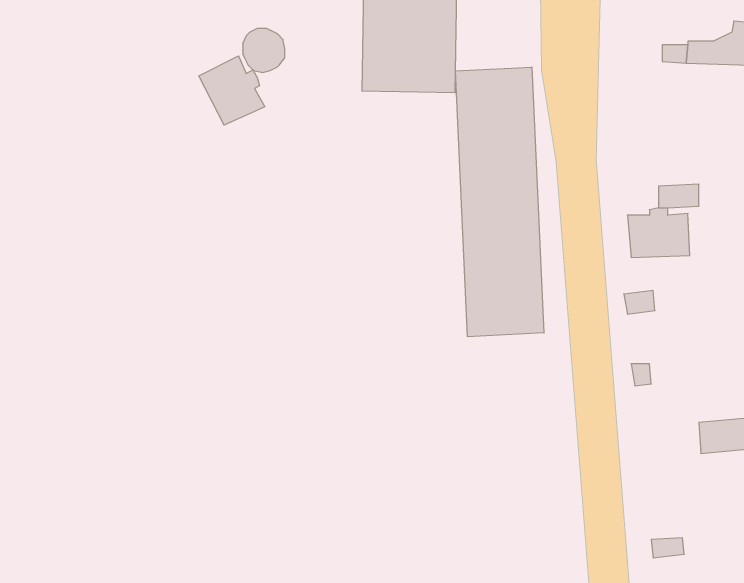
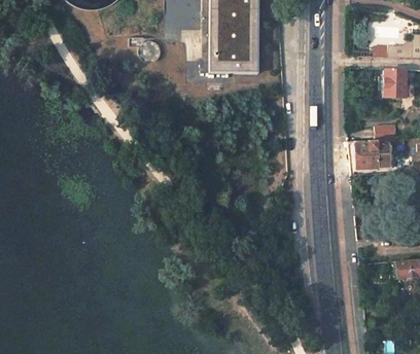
building: [199,56,265,125] -> none
building: [456,67,544,337] -> none
building: none -> [384,68,414,97]

